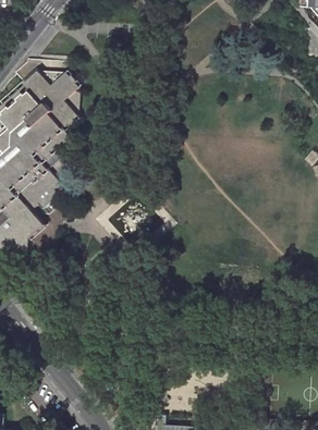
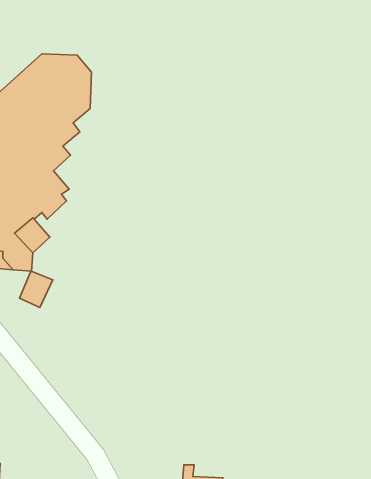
building: none -> [20,271,53,308]

